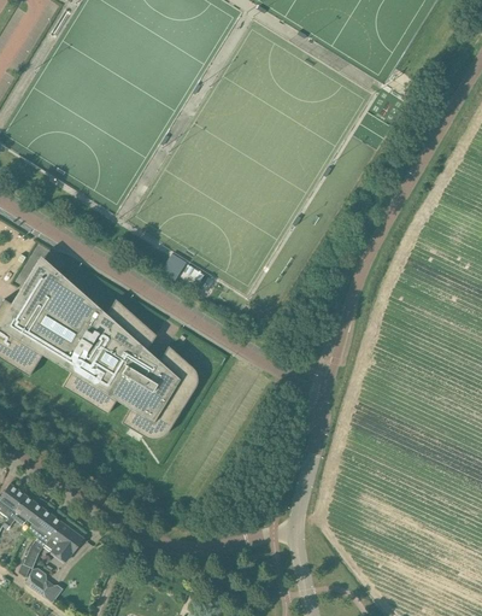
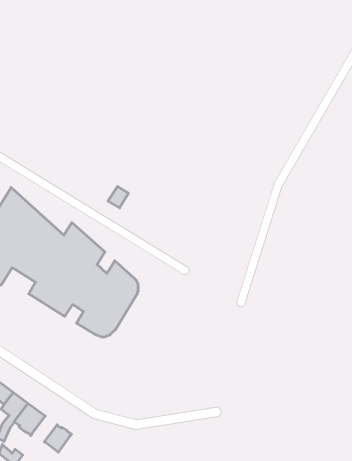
building: none -> [44,425,71,452]

